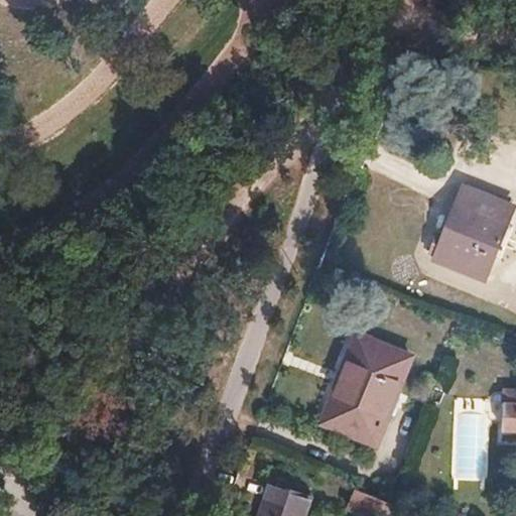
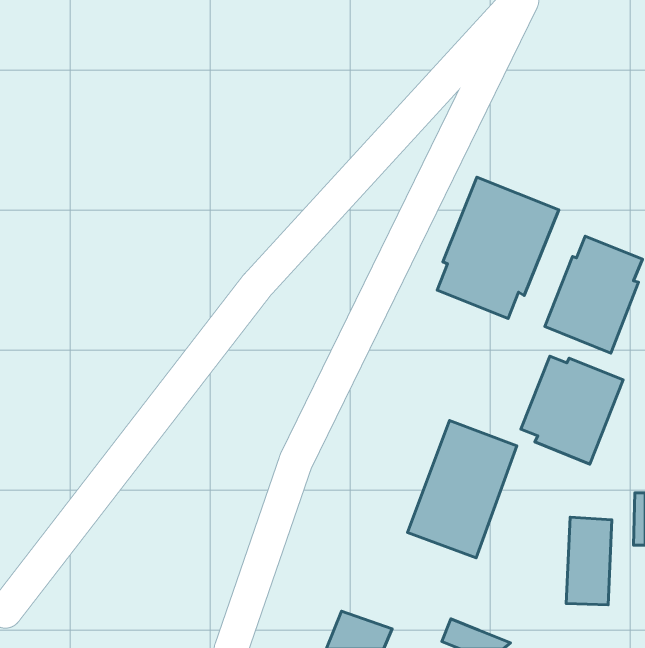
building: none -> [437,177,559,319]
building: none -> [521,356,623,464]

